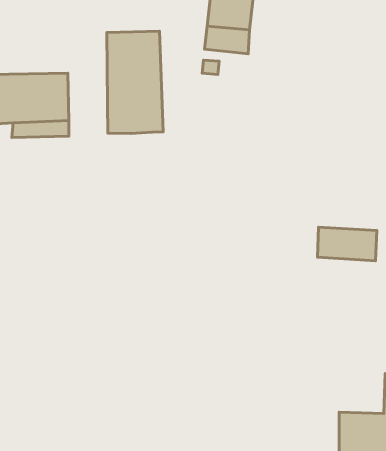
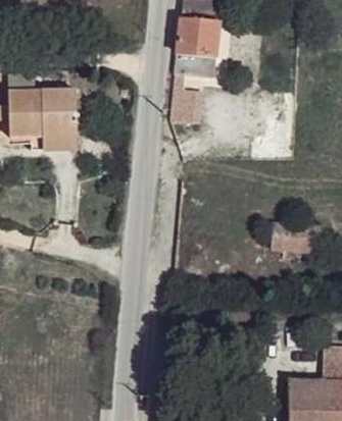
building: [107,31,163,133] -> none

